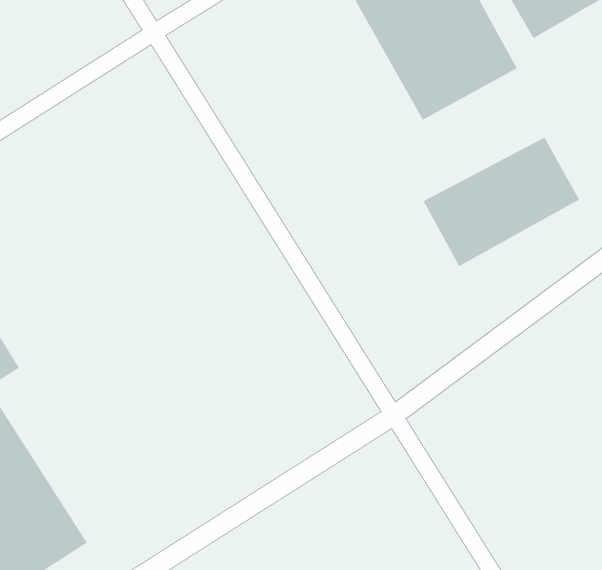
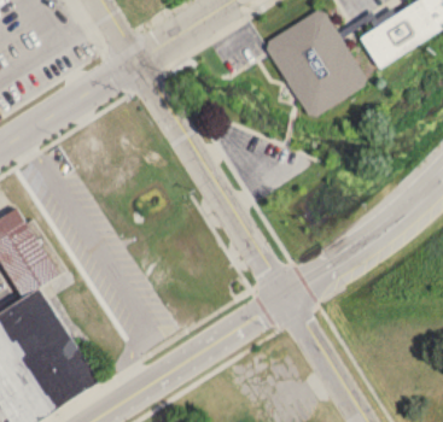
building: [422,136,580,267] -> none

